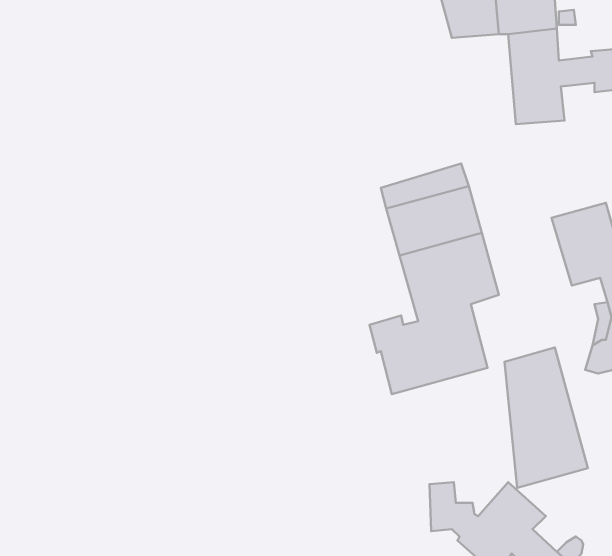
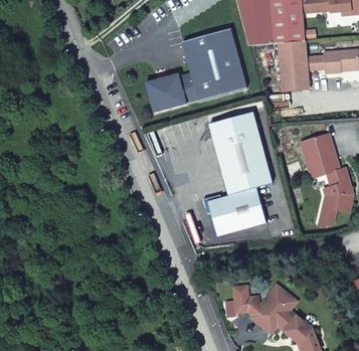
building: none -> [144,29,245,114]
building: [505,347,588,488] -> none

